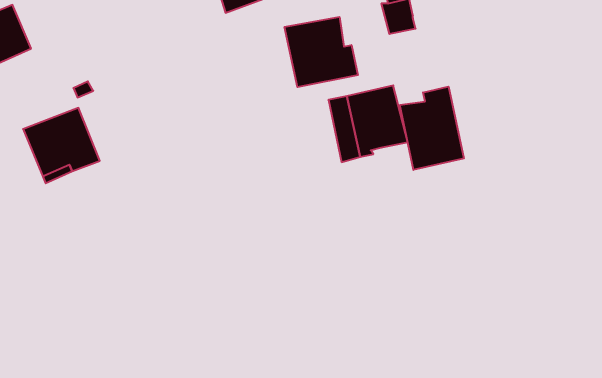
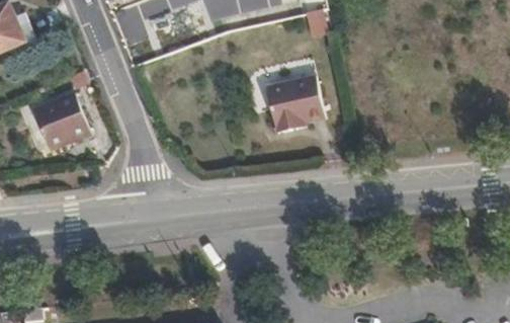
building: [285,17,358,87] -> none
building: [400,87,464,170] -> none

